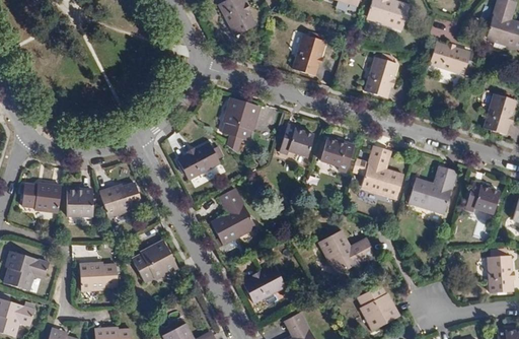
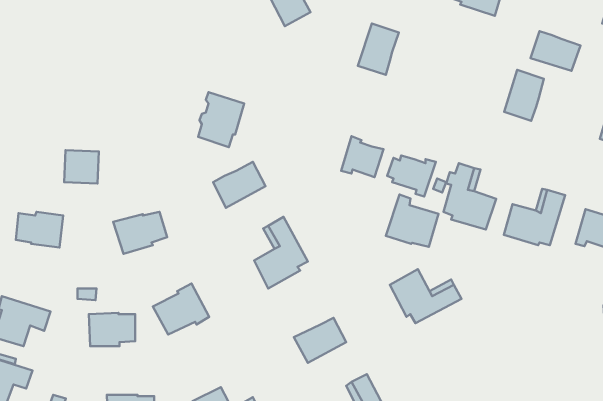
building: [365,56,396,96] -> [504,70,544,121]
building: [223,97,260,141] -> [198,92,244,147]
building: none -> [386,195,439,247]
building: [66,191,93,217] -> [64,150,99,183]
building: [358,285,398,329] -> none

